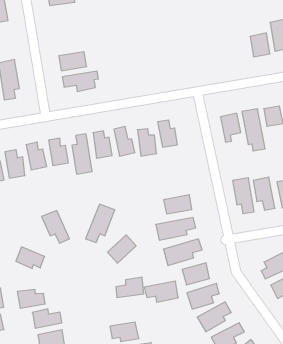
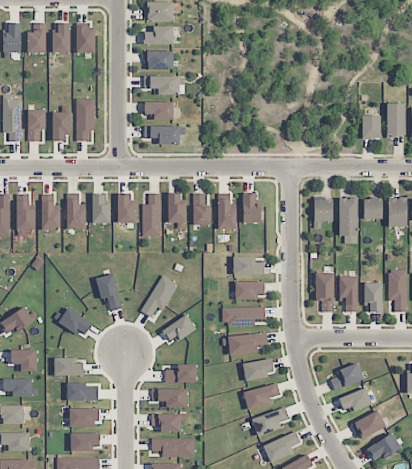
building: none -> [146,50,174,69]
building: none -> [144,75,180,94]
building: none -> [233,255,265,274]
building: [144,281,178,302] -> [152,387,188,407]

